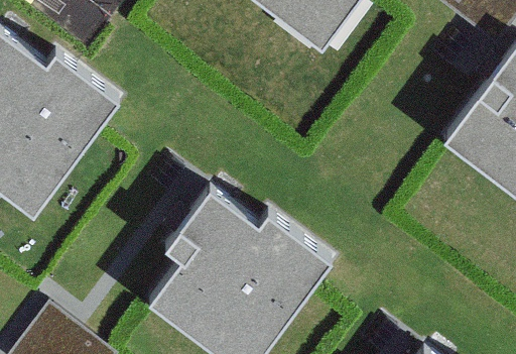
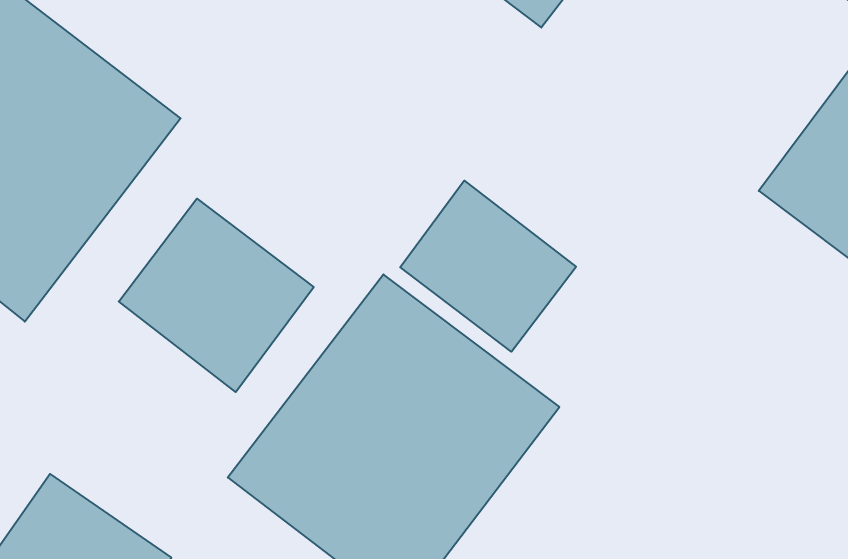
building: none -> [400,181,576,352]
building: none -> [119,199,314,392]

